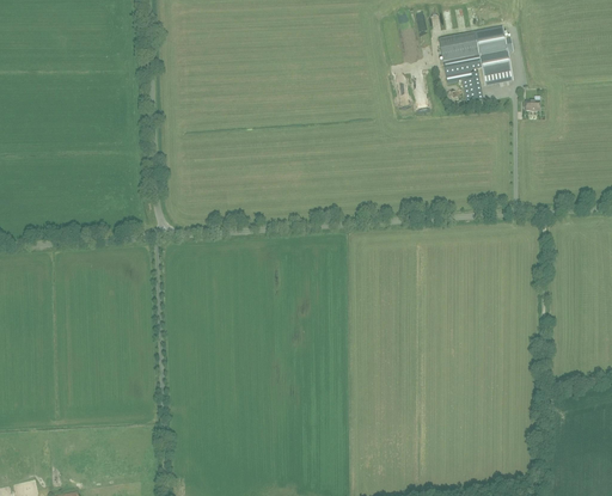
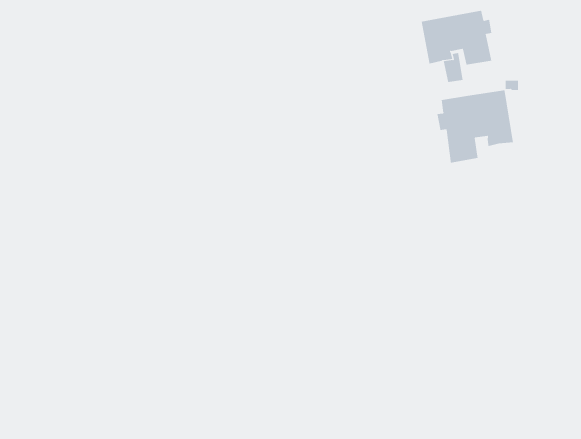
building: none -> [437,89,514,163]

